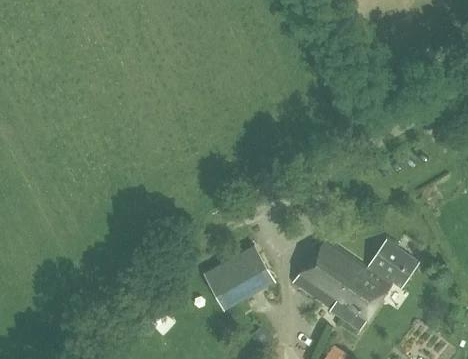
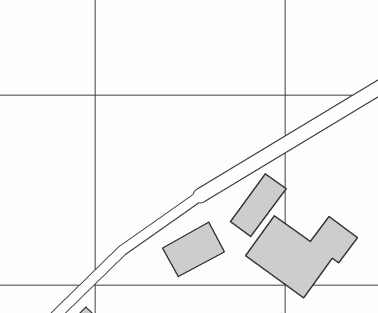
building: none -> [230,174,286,237]

